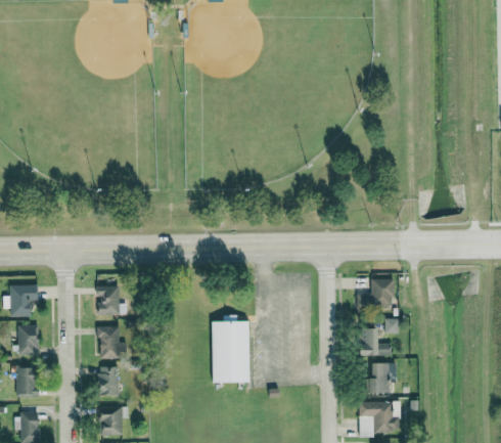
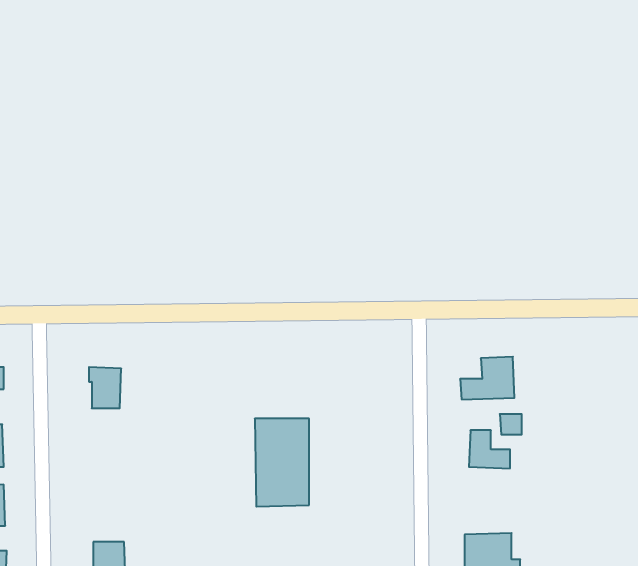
building: [97,325,123,358] -> none
building: [370,362,393,393] -> none
building: [98,366,119,396] -> none

